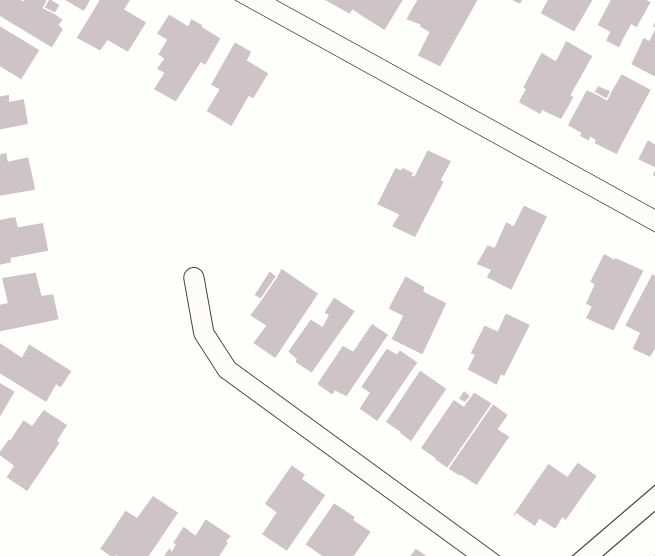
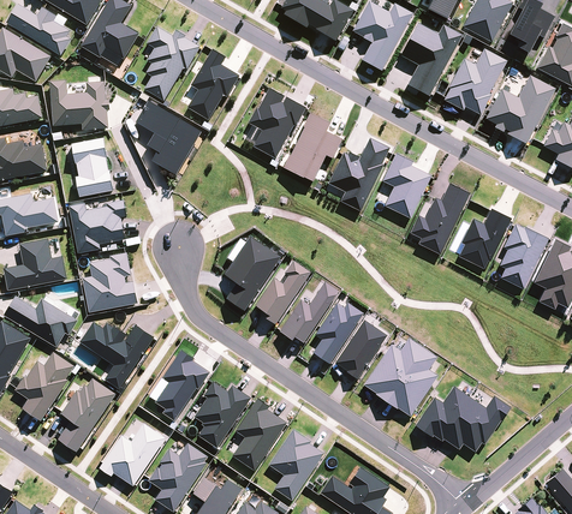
building: none -> [400,23,463,97]
building: none -> [50,80,109,130]
building: none -> [246,89,306,159]
building: none -> [136,101,202,175]
building: none -> [284,113,342,183]
building: none -> [72,137,114,197]
building: none -> [70,199,127,253]
building: [388,275,447,355] -> [382,153,431,219]
building: none -> [83,252,138,312]
building: [467,313,531,386] -> [459,209,512,269]
building: none -> [81,321,155,389]
building: none -> [155,349,210,420]
building: none -> [58,378,117,452]
building: none -> [195,381,252,447]
building: none -> [416,386,470,440]

